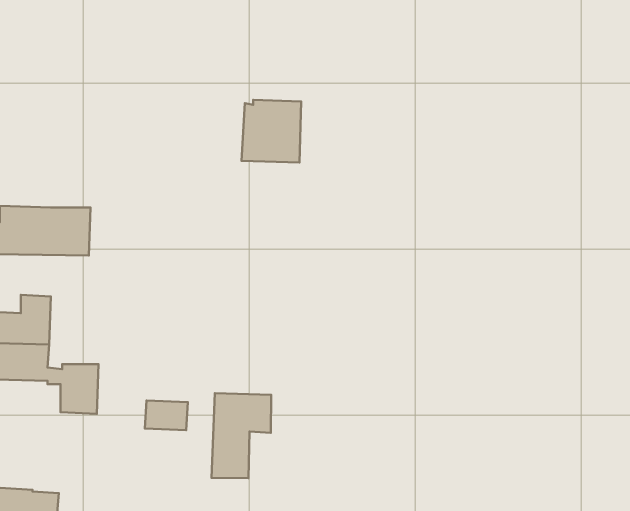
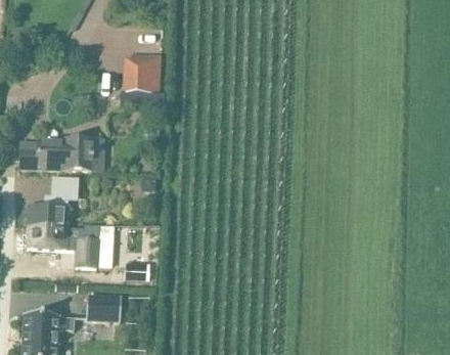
building: [242,100,301,163] -> [124,52,161,91]
building: [212,393,271,478] -> none
building: none -> [86,293,121,319]

